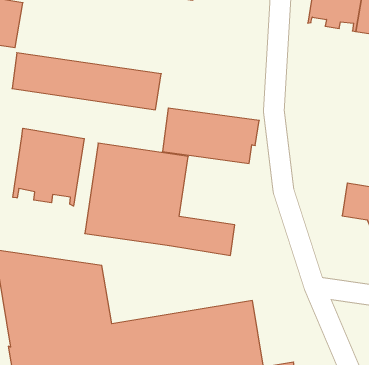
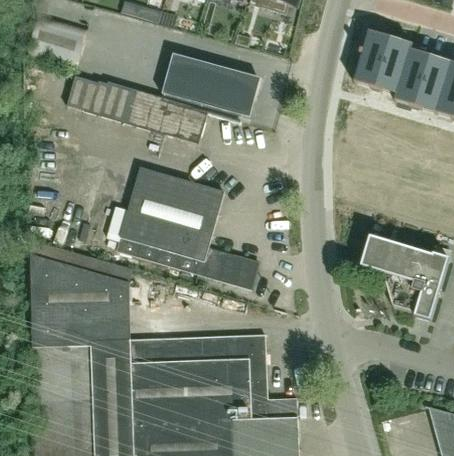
building: [162,108,259,163] -> [163,53,258,115]
building: [13,128,84,206] -> none

